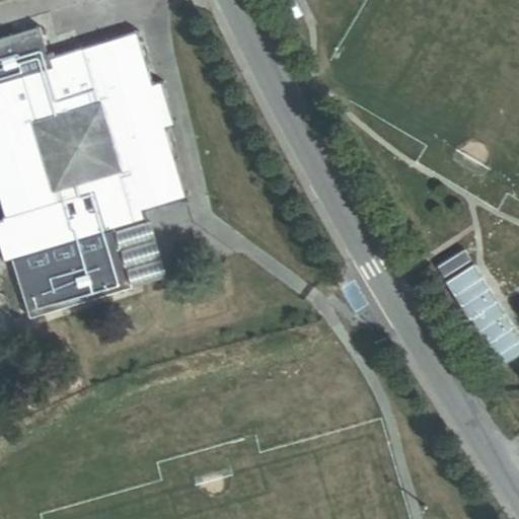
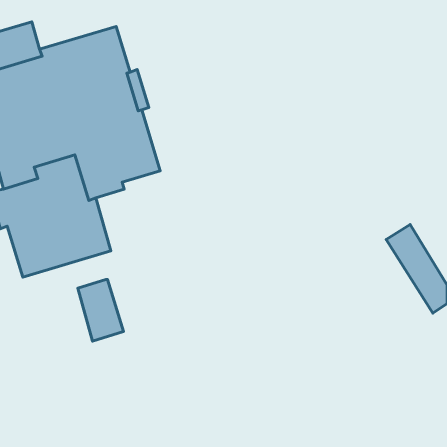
building: [110,218,163,289] -> [78,280,123,341]

